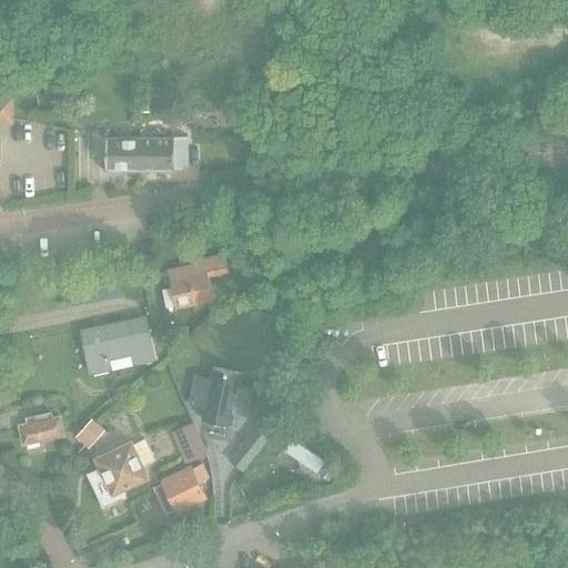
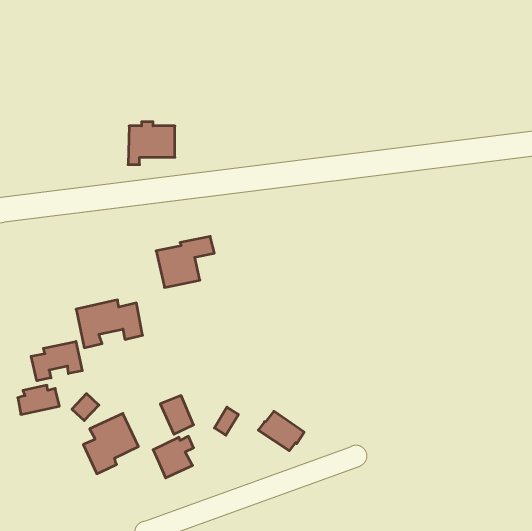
building: [104,131,138,176] -> none
building: none -> [31,341,82,381]
building: [190,367,241,426] -> none

